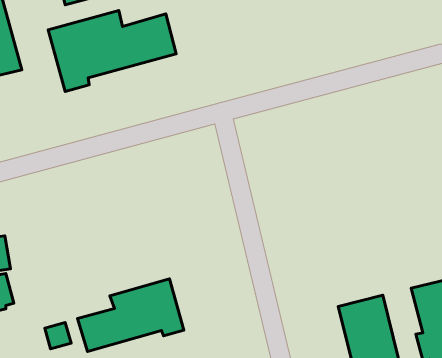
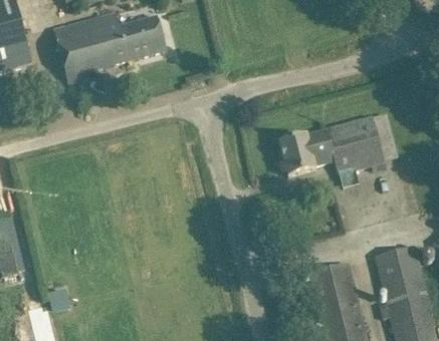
building: none -> [279,114,387,174]
building: [78,279,184,351] -> none

